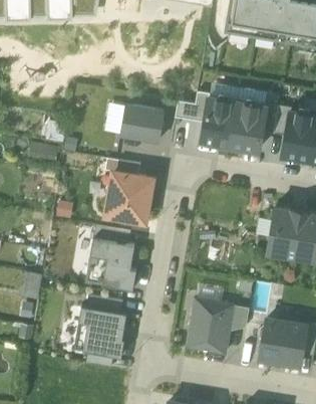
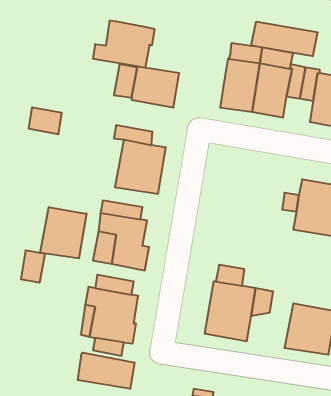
building: none -> [93,20,155,68]
building: none -> [251,22,318,56]
building: [175,90,210,121] -> none
building: none -> [40,207,86,258]
building: none -> [78,353,135,389]

